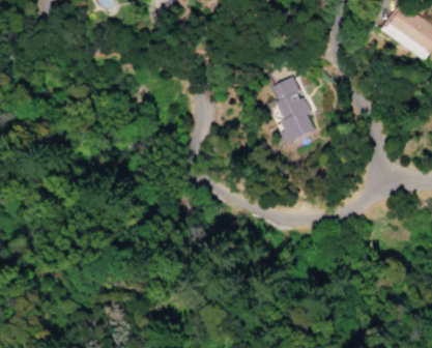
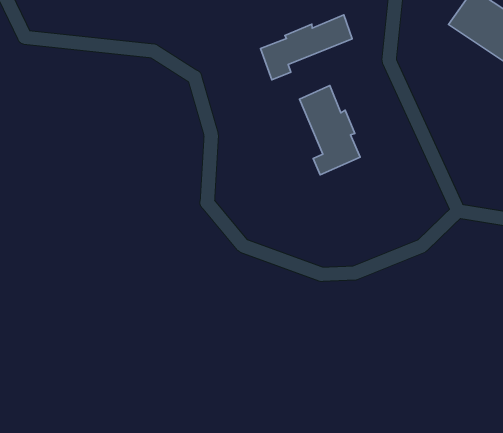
building: none -> [261,15,352,80]

